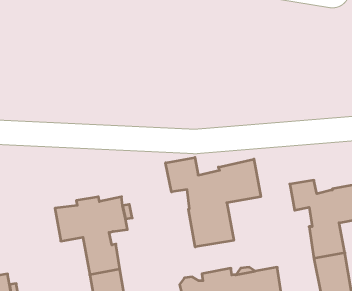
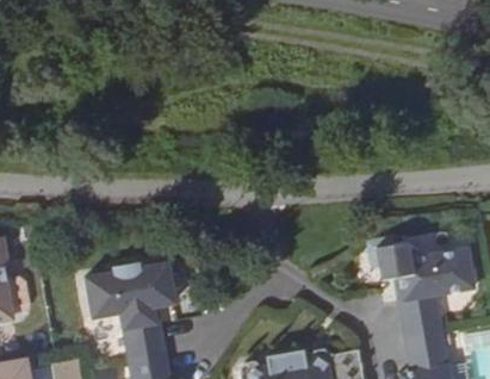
building: [166,157,261,247] -> none

